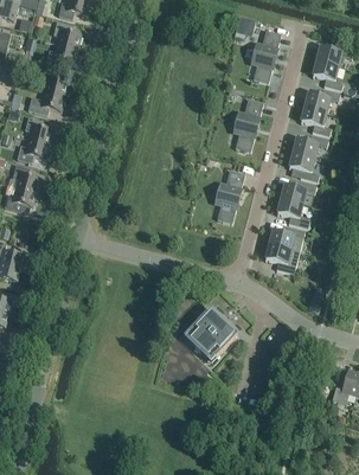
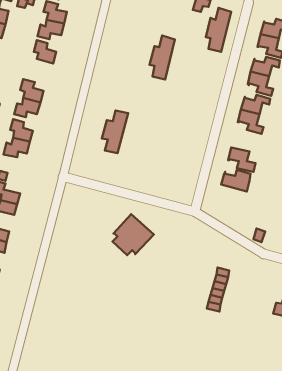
building: [28,91,65,115] -> none
building: [232,98,263,152] -> [150,36,175,79]
building: [213,171,245,223] -> [102,110,128,153]
building: [281,181,316,206] -> none
building: [265,244,300,274] -> none
building: [188,308,238,358] -> [113,214,154,255]

